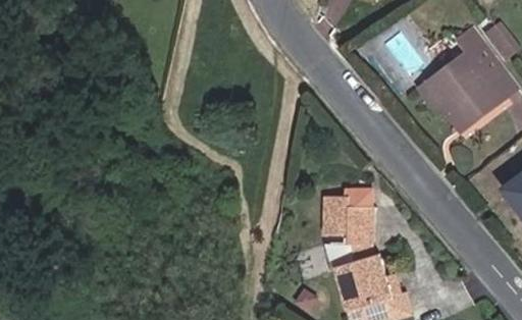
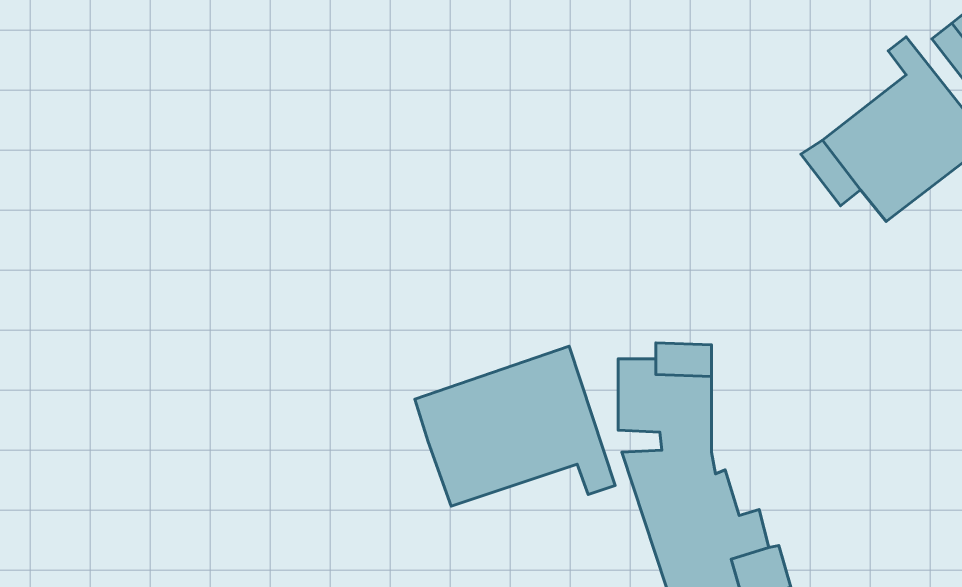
building: none -> [415,346,615,506]

